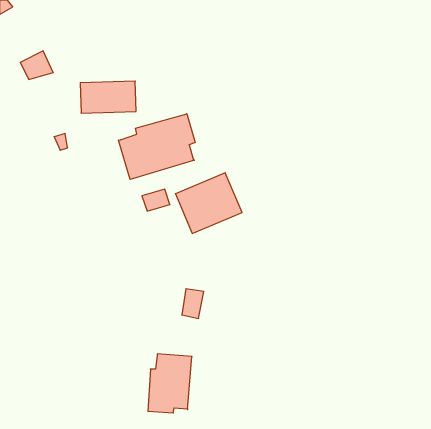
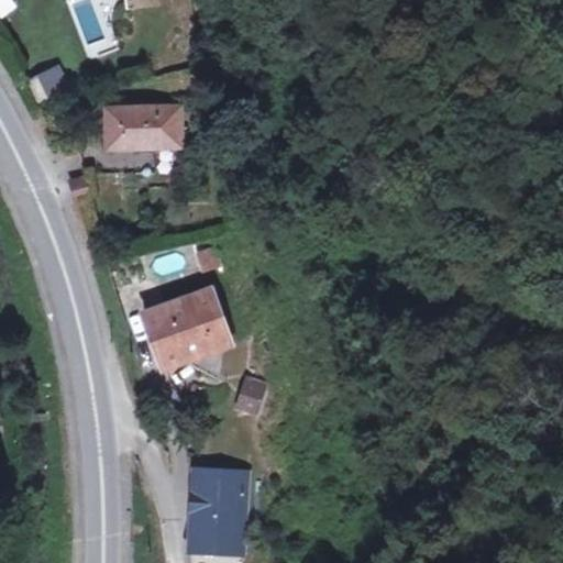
building: [119,114,195,179] -> none
building: [175,173,242,233] -> [142,286,229,365]

